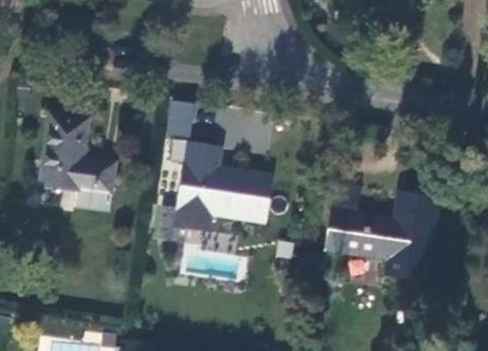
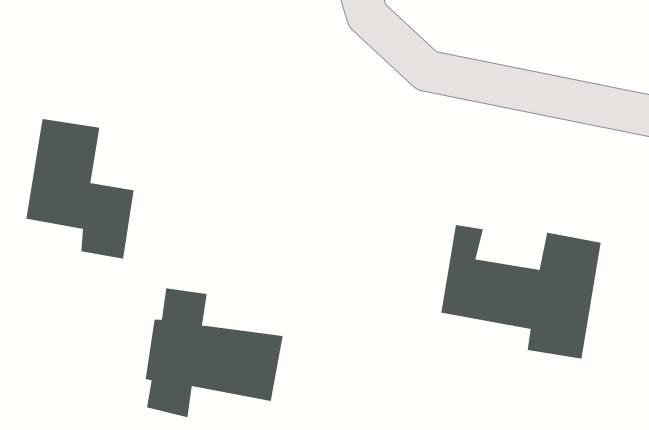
building: [166,101,195,138] -> none
building: [177,144,273,235] -> [145,288,284,418]

